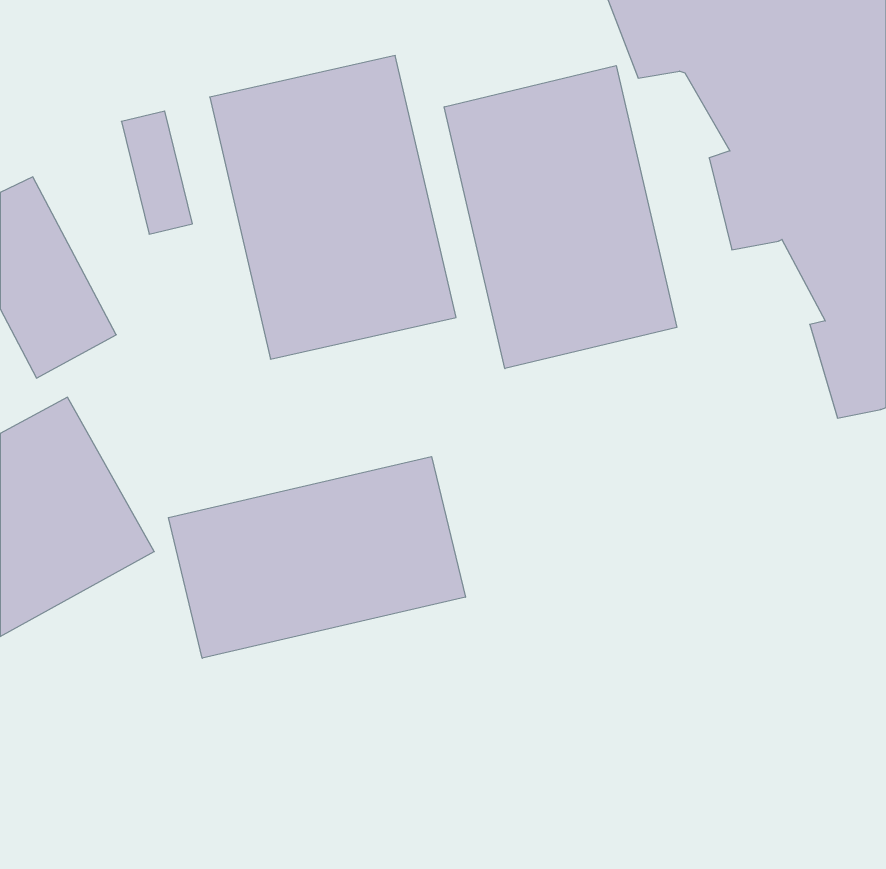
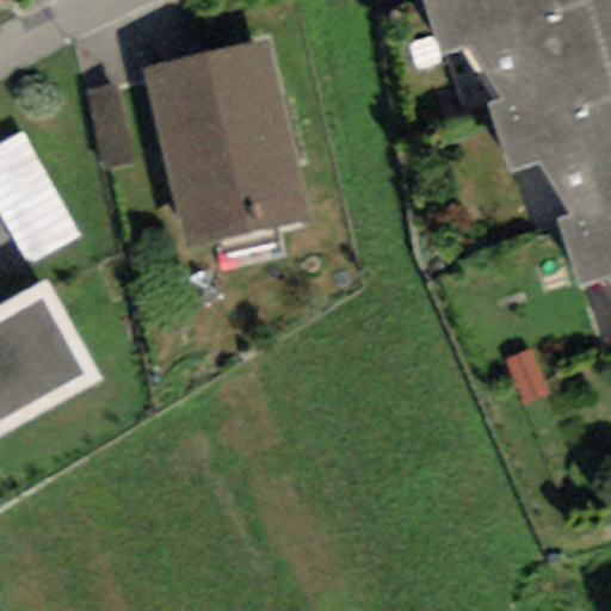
building: [444,66,677,369] -> none
building: [168,457,465,658] -> none

